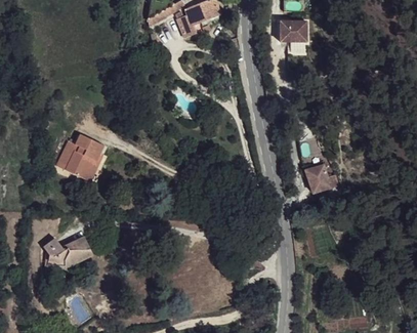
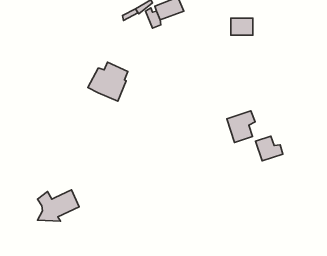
building: [56,128,105,175] -> [88,62,128,101]
building: none -> [227,111,255,143]

